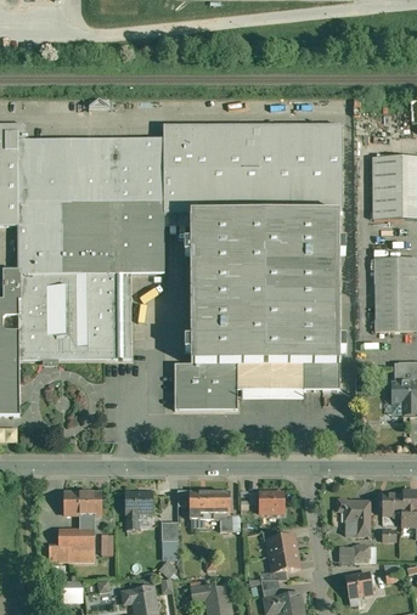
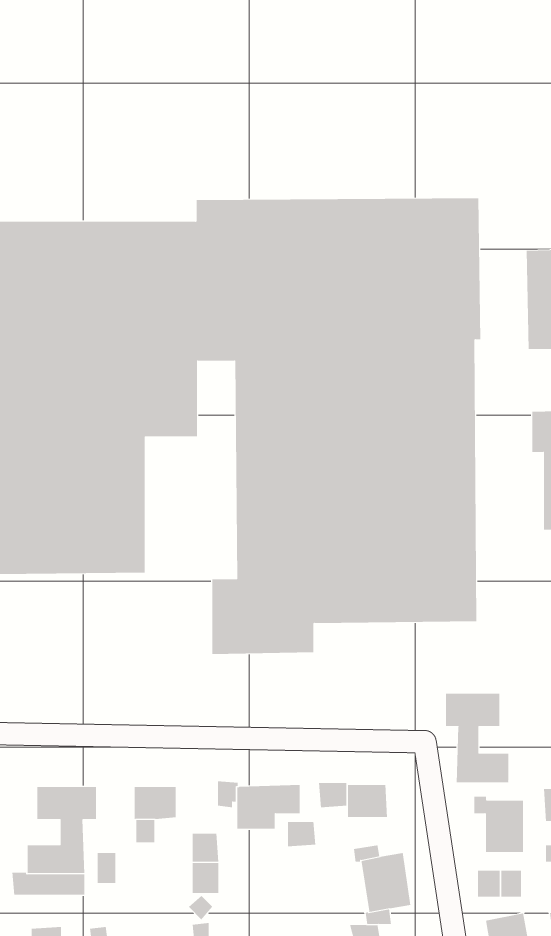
building: none -> [446,693,509,783]

